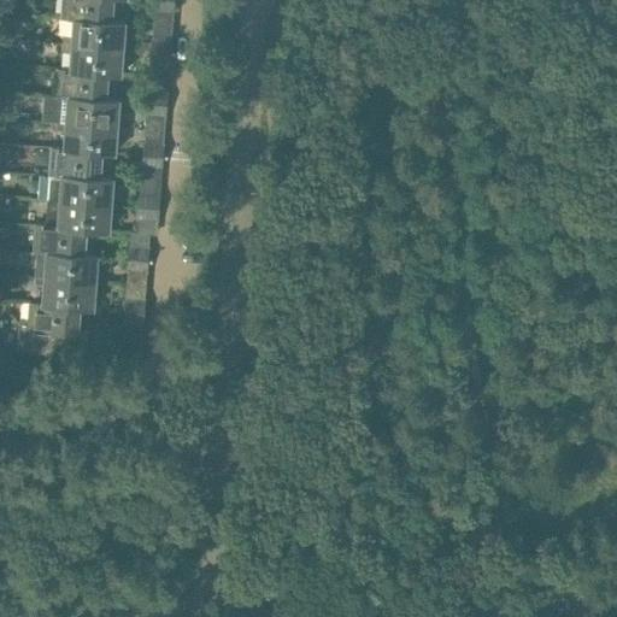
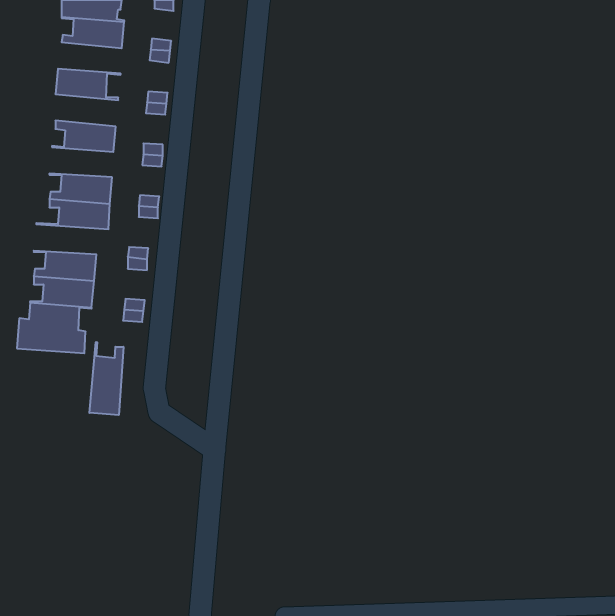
building: [59,42,123,74] -> none
building: [57,94,123,127] -> none
building: [51,147,114,177] -> none
building: [35,224,110,254] -> none
building: none -> [89,342,123,415]

